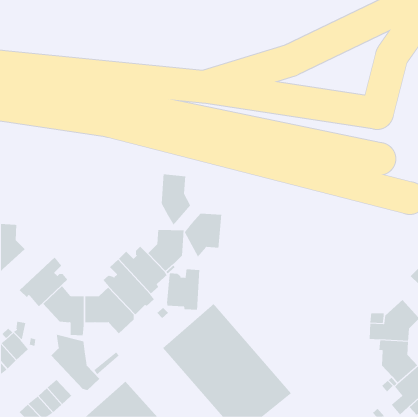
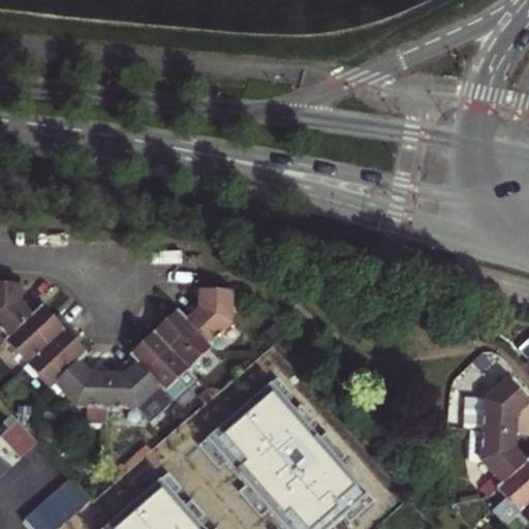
building: [161,173,191,225] -> none
building: [184,213,222,258] -> none
building: none -> [5,305,70,366]
building: [166,268,200,311] -> none
building: [50,334,100,391] -> none

